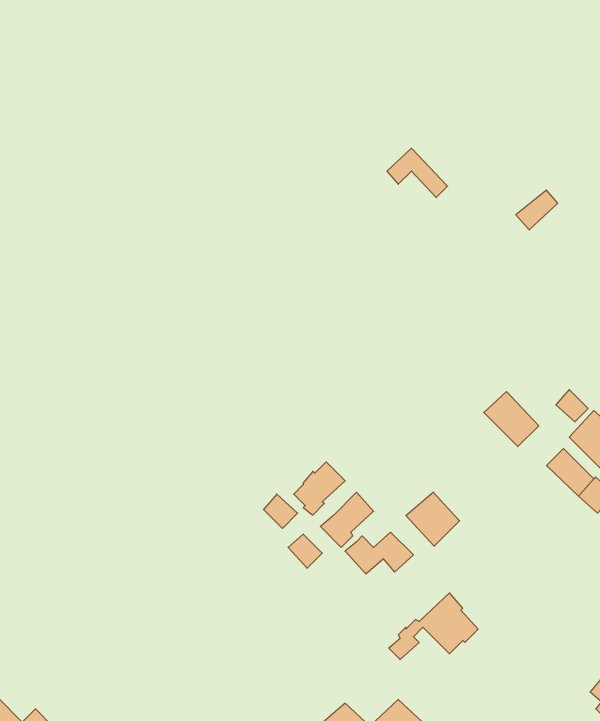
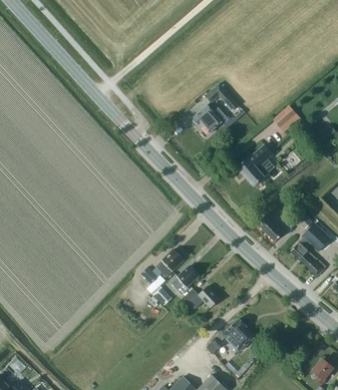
building: none -> [194,105,225,133]
building: none -> [237,144,274,185]
building: [406,492,460,546] -> none

